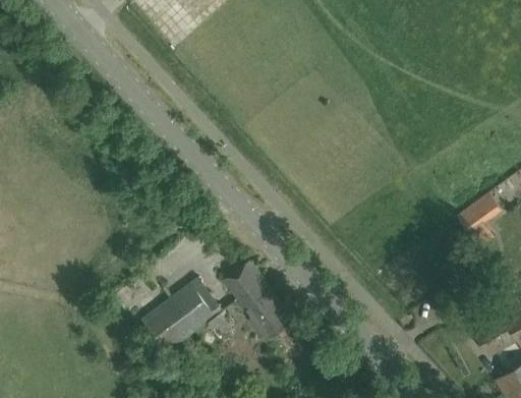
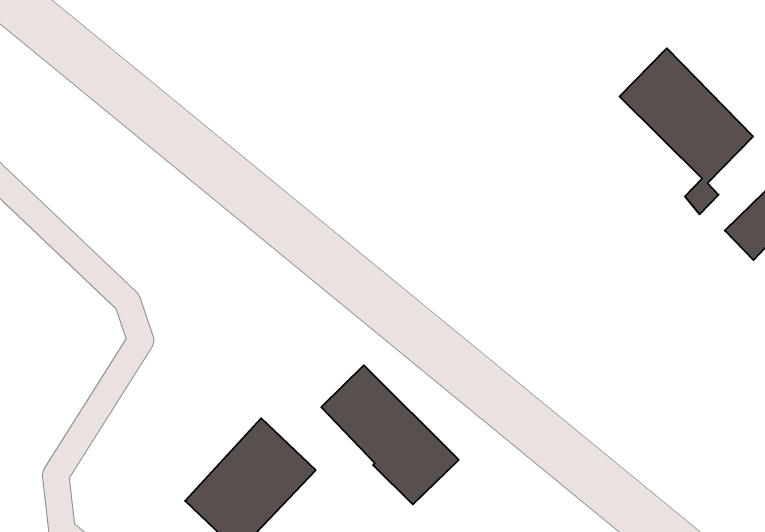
building: none -> [620,48,753,214]

